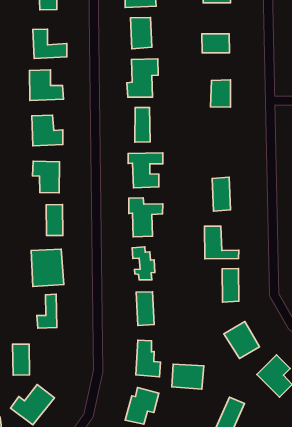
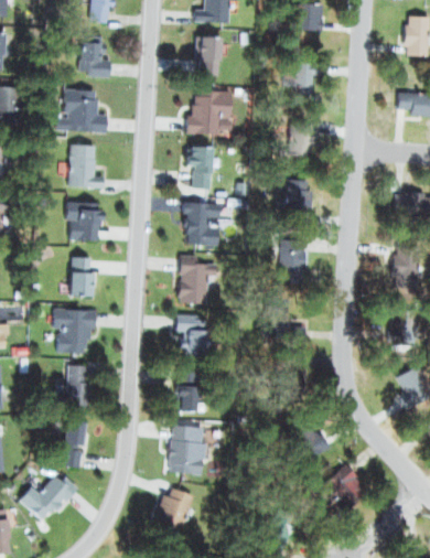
building: none -> [284,183,307,223]
building: [13,344,29,375] -> [66,427,88,465]
building: [172,364,204,389] -> none

